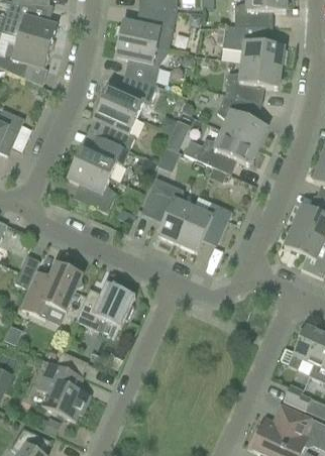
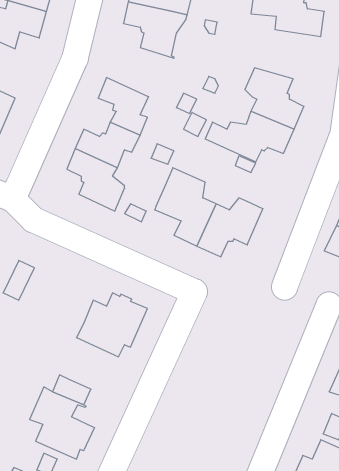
building: [225,61,281,102] -> none
building: [101,76,157,117] -> none
building: [21,262,82,318] -> none

